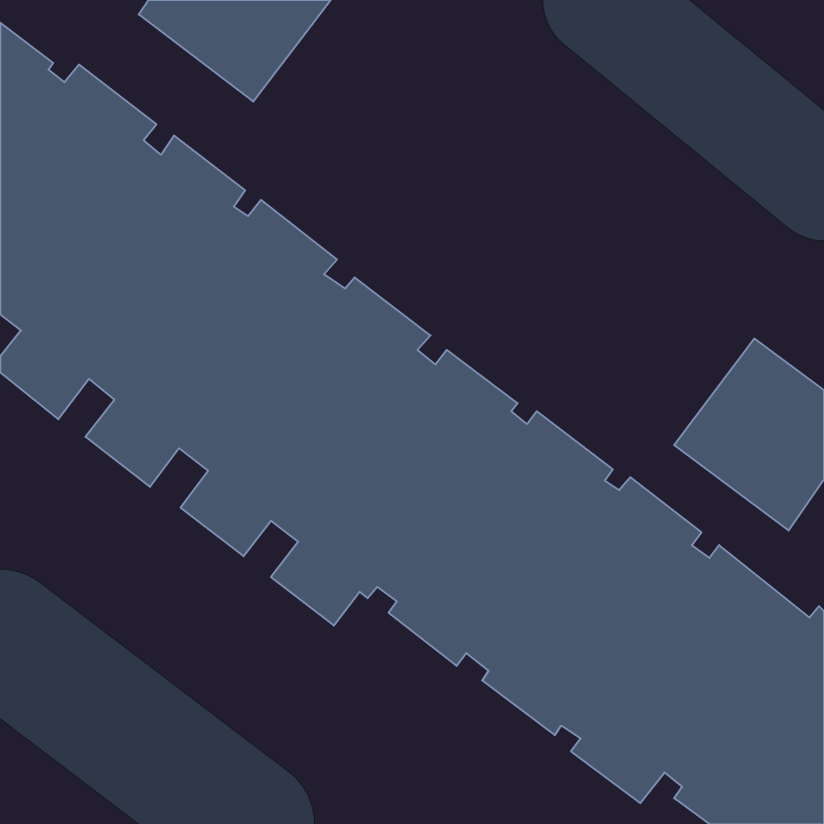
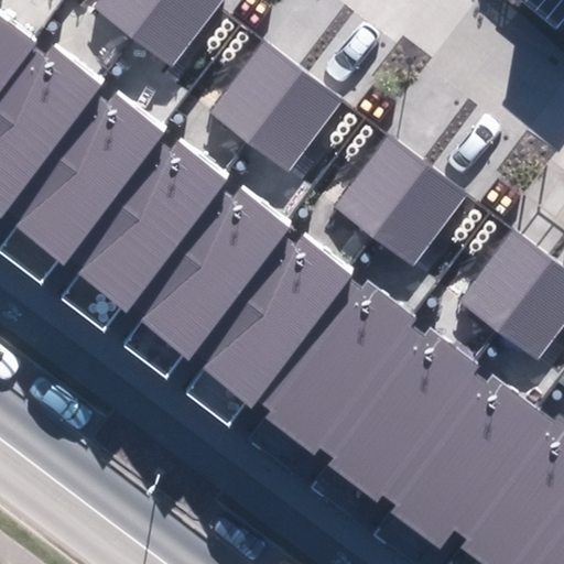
building: none -> [210,42,343,172]
building: none -> [333,135,467,268]

